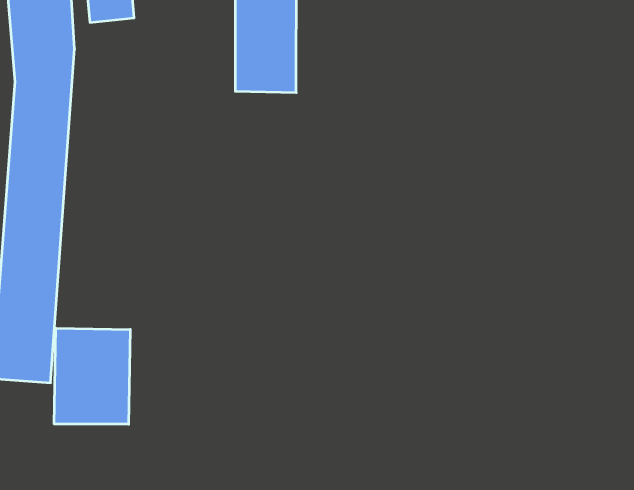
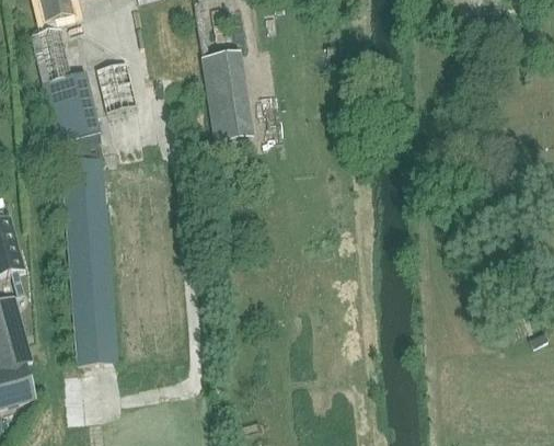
building: [54,328,130,424] -> none

